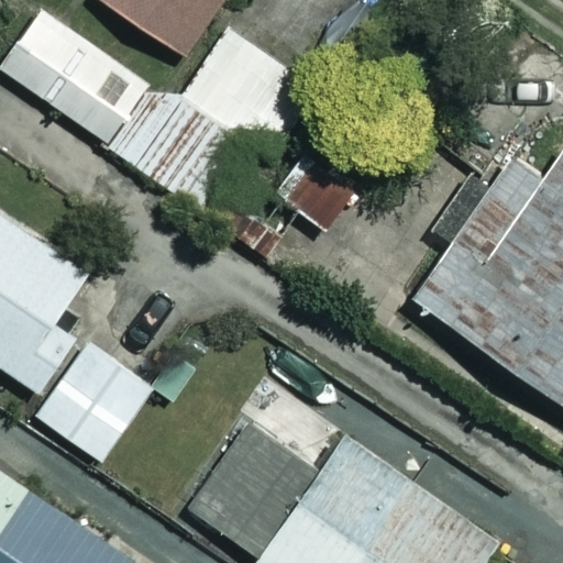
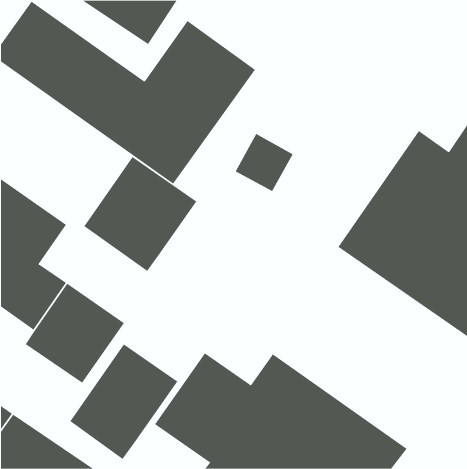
building: none -> [84,156,197,272]
building: none -> [69,343,178,460]

